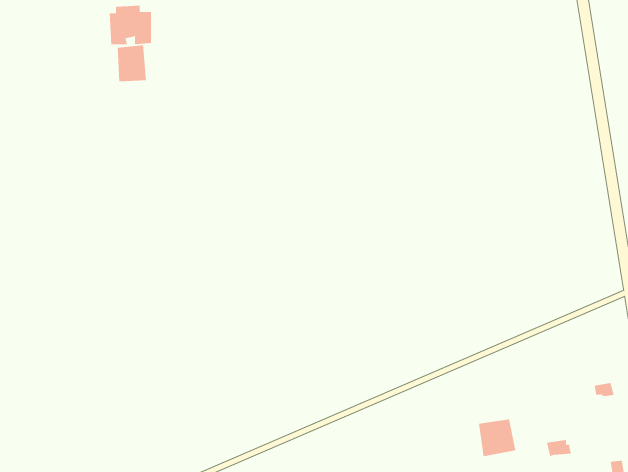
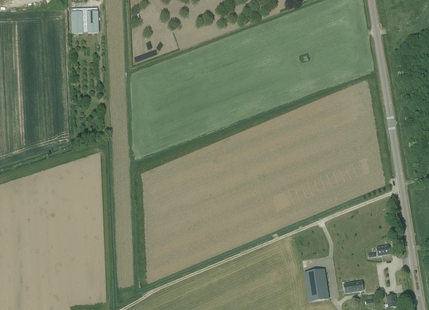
building: [117,45,147,82] -> none

